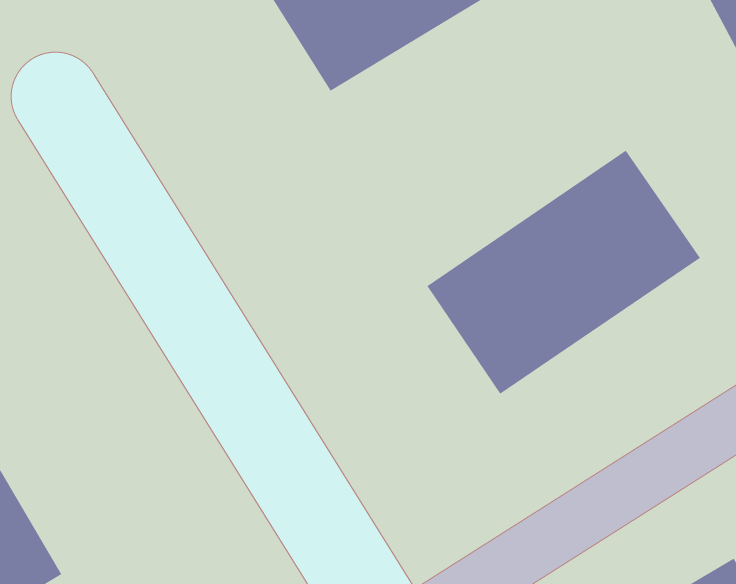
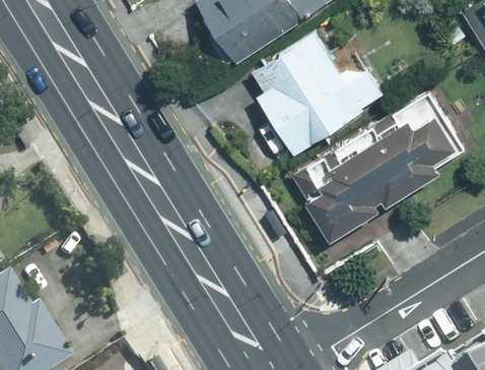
building: none -> [248,41,379,151]

